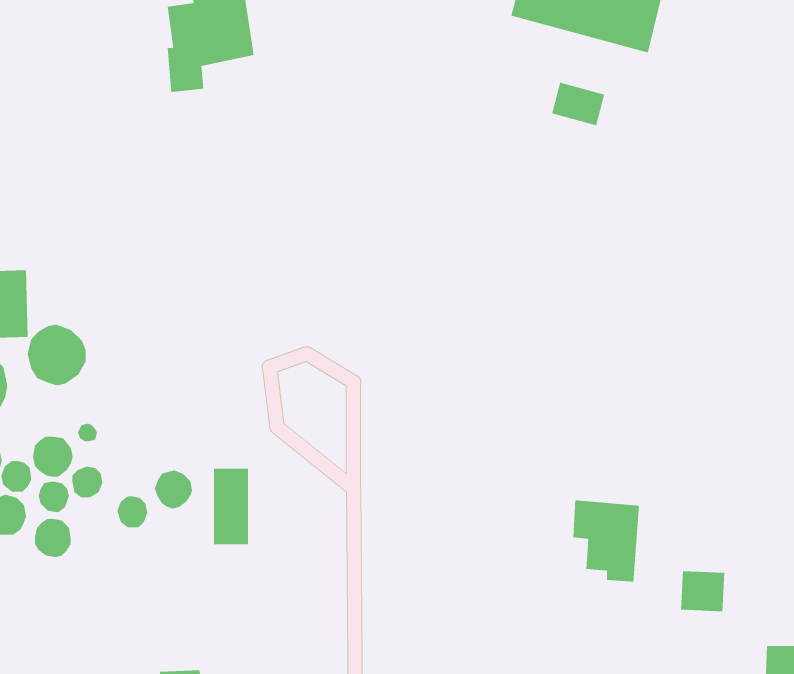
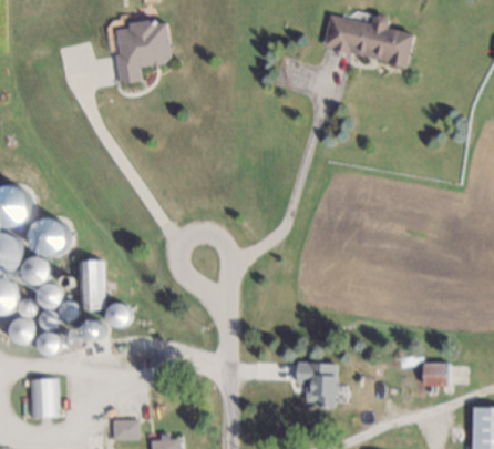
building: [551,82,605,126] -> none
building: none -> [22,256,50,285]
building: [213,468,249,545] -> [83,266,104,312]
building: [573,500,640,582] -> [296,360,336,409]
building: none -> [31,379,54,415]

